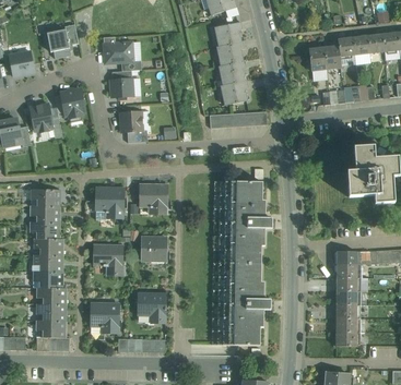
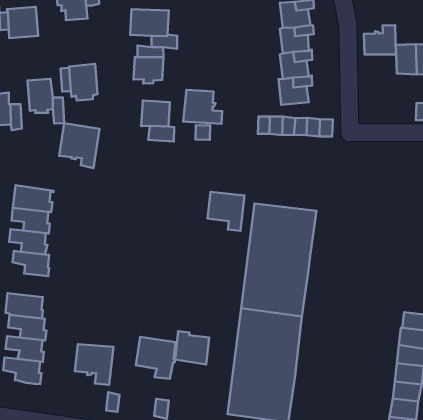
building: none -> [364,25,396,55]
building: none -> [183,90,222,124]
building: [141,185,167,213] -> [208,192,245,231]
building: [96,187,125,218] -> [59,123,99,168]
building: [142,238,166,261] -> [175,331,209,364]
building: [94,244,123,275] -> none
building: [34,255,63,272] -> none

